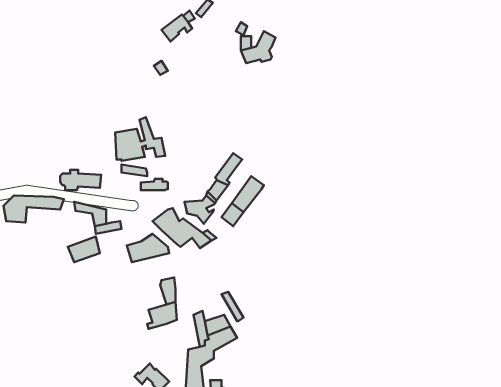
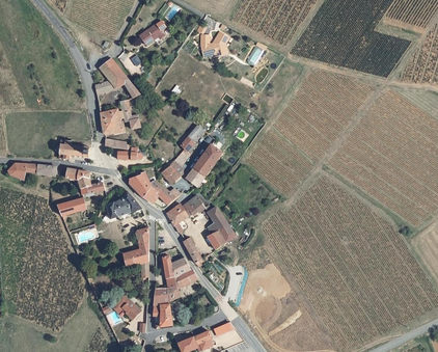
building: none -> [94,59,137,97]
building: none -> [167,198,235,251]

